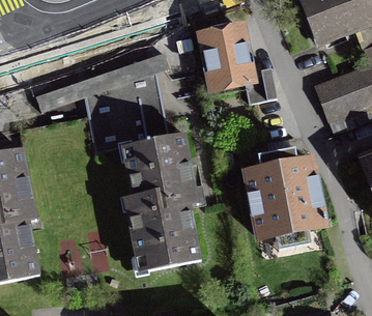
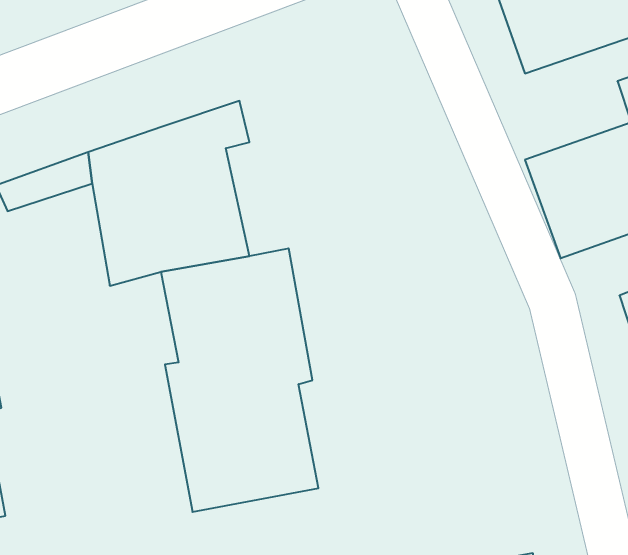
building: [197,25,257,96] -> none
building: [240,149,326,250] -> none

